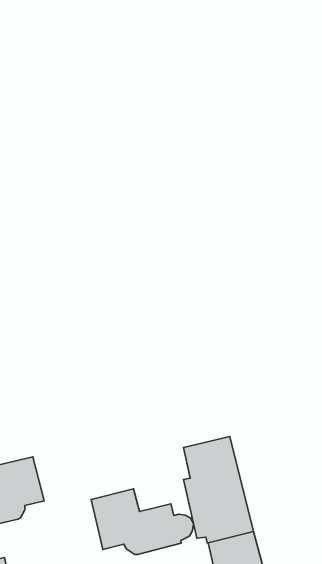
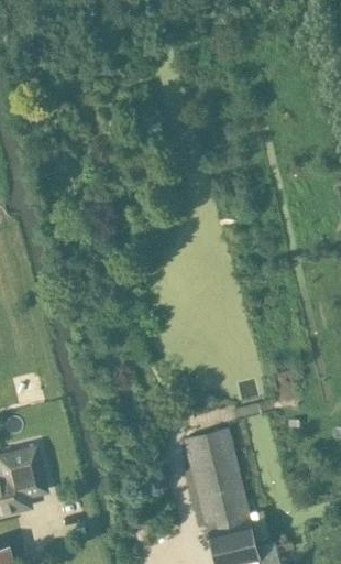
building: [91,489,194,555] -> none

